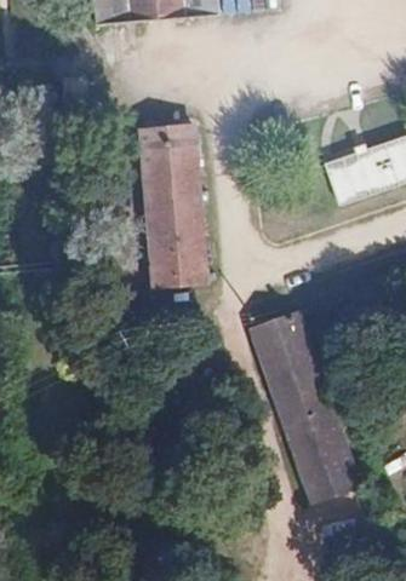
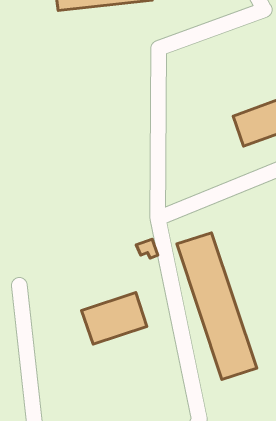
building: [139,127,202,287] -> none
building: none -> [82,293,147,344]

